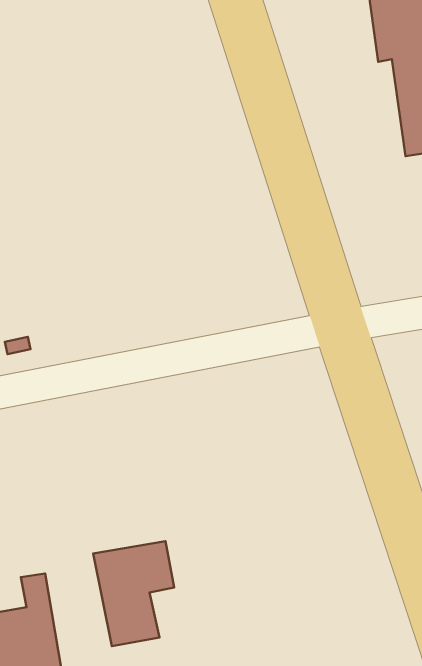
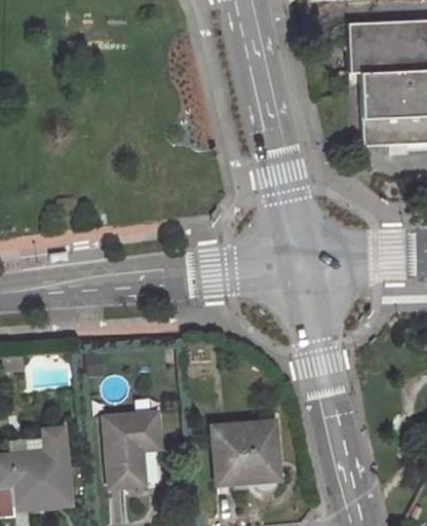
building: none -> [214,421,280,485]

